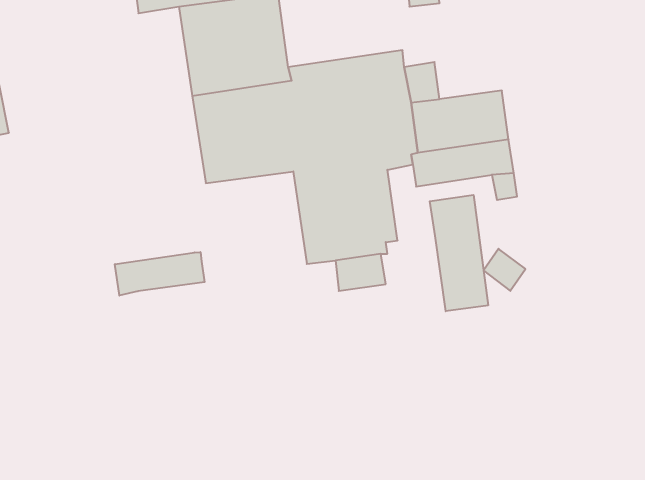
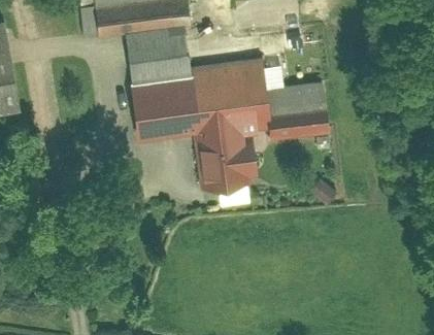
building: [430,195,488,311] -> none
building: [115,252,205,296] -> none

